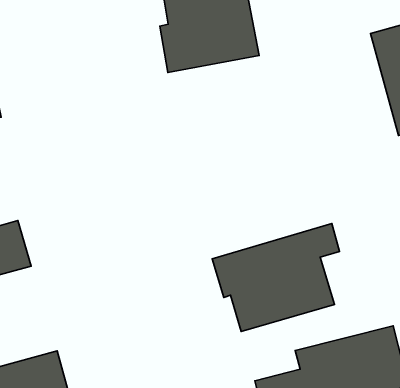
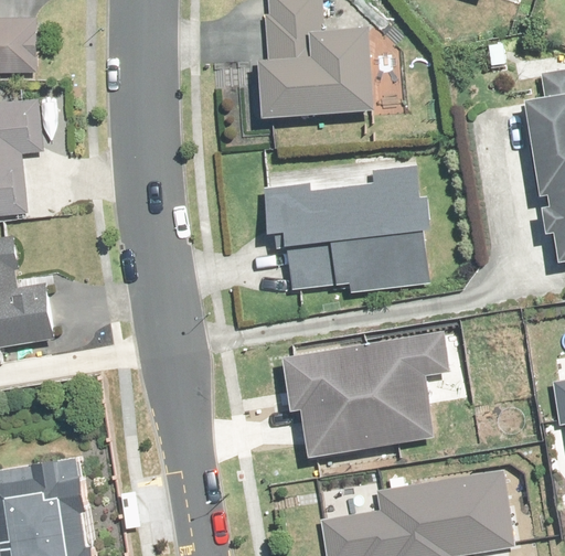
building: none -> [268,157,434,296]

